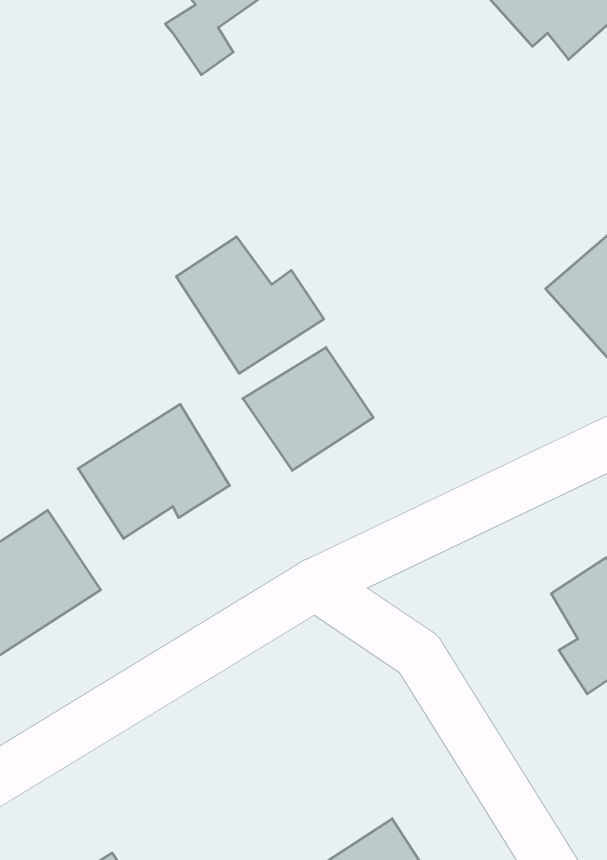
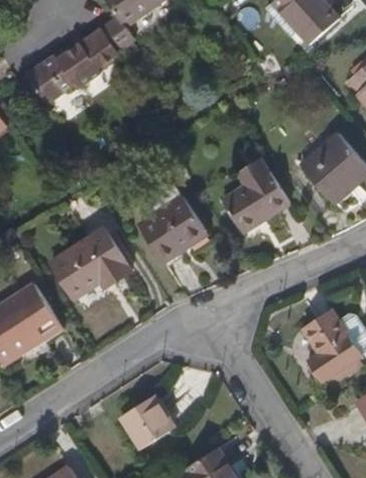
building: none -> [24,29,118,105]
building: [176,237,324,373] -> none
building: none -> [222,169,289,233]
building: none -> [120,394,173,448]

